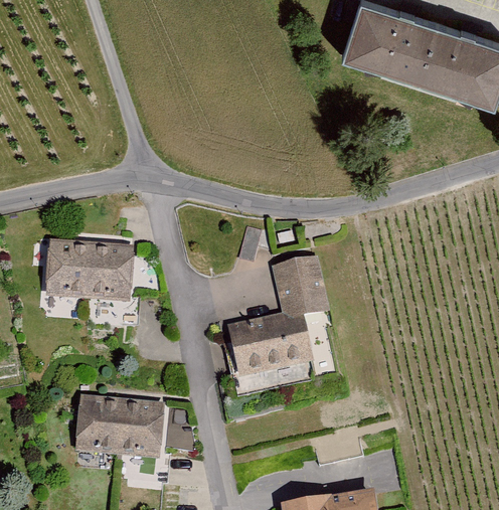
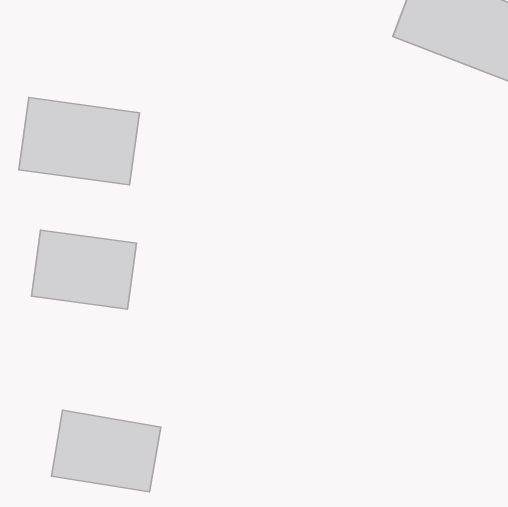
building: none -> [19,97,140,185]
building: [227,257,330,379] -> none

